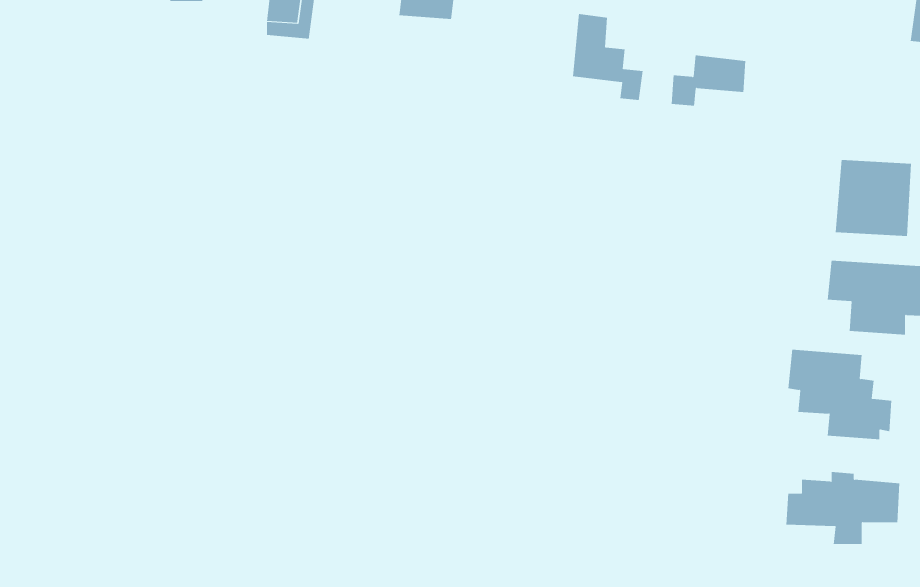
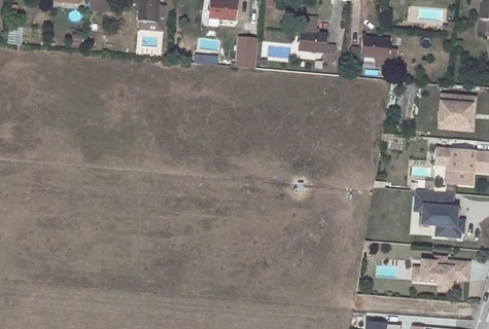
building: none -> [236,35,258,63]

